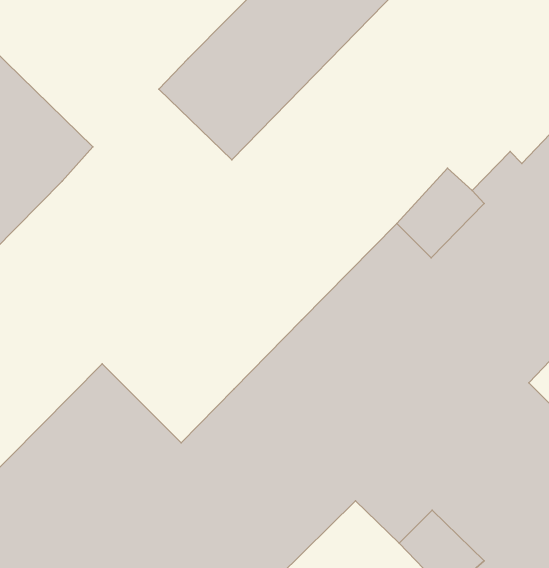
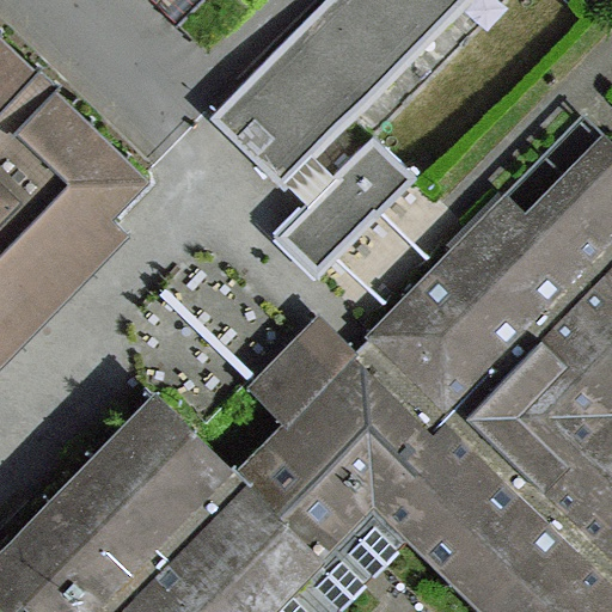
building: none -> [276,135,418,279]
building: none -> [253,316,357,421]

